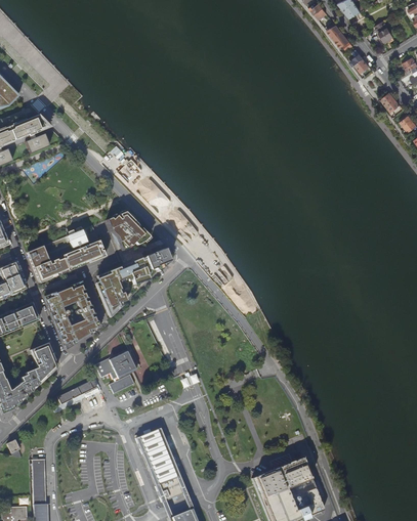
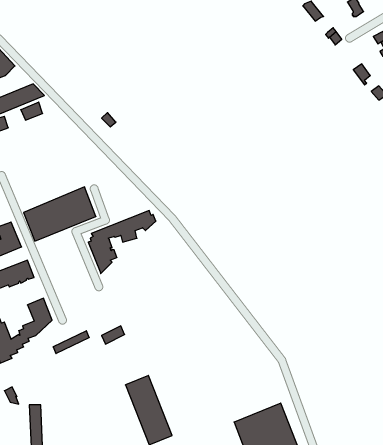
building: [106,212,150,250] -> none
building: [45,284,98,348] -> none
building: [95,349,140,380] -> none

